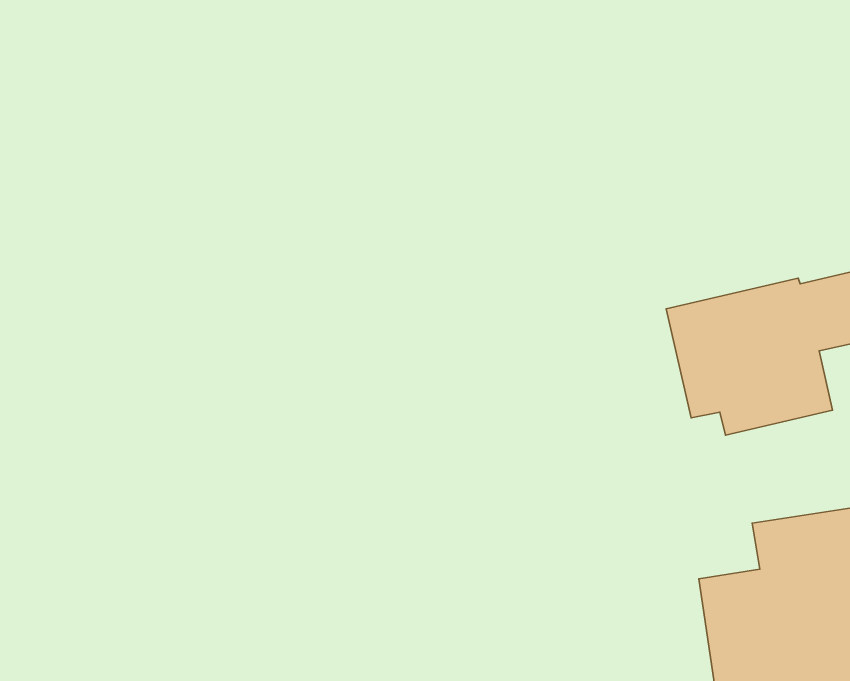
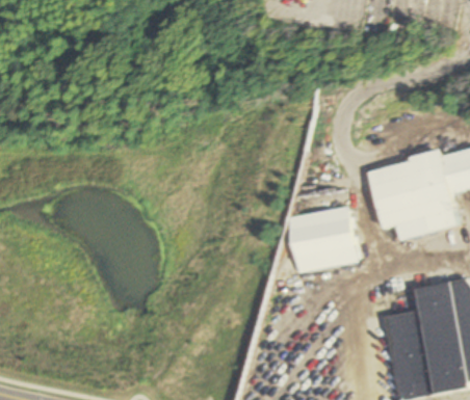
building: none -> [287,208,358,272]

